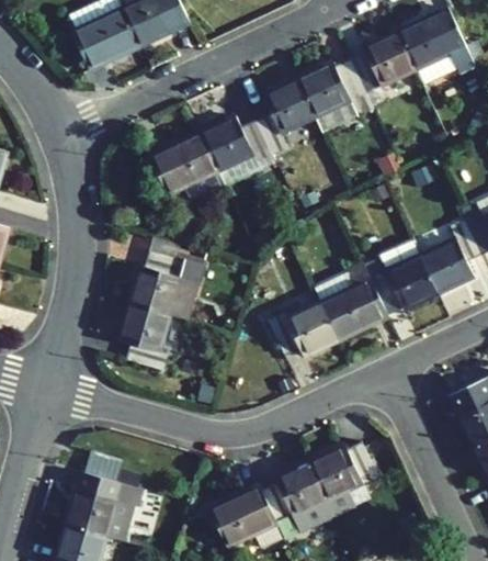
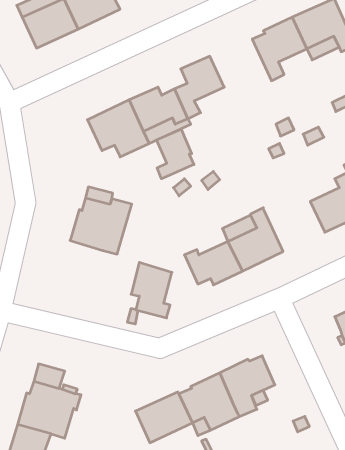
building: [299,58,374,132] -> none
building: none -> [156,129,194,179]
building: [365,238,439,315] -> none
building: [121,302,170,369] -> [131,262,172,318]

